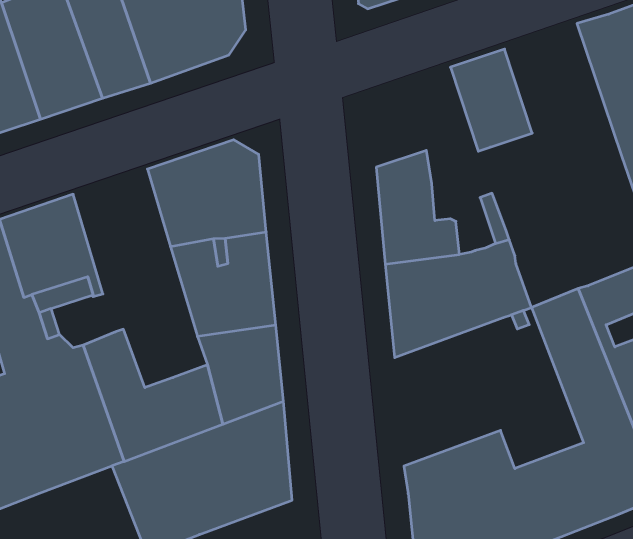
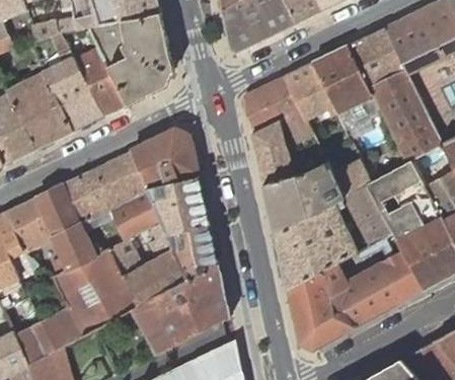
building: none -> [311,45,380,129]
building: none -> [243,76,312,142]
building: none -> [93,150,175,258]
building: none -> [331,160,371,198]
building: none -> [274,205,352,290]

